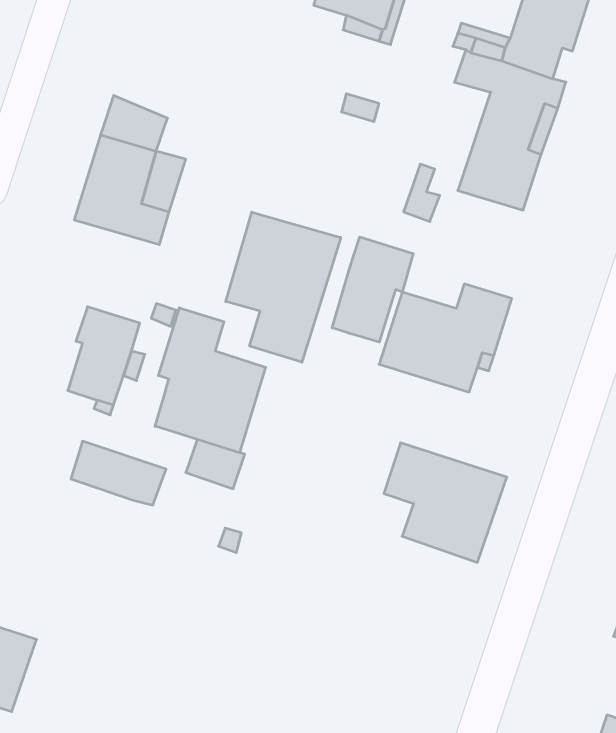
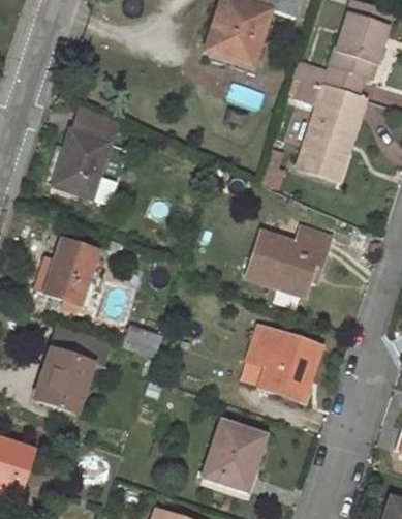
building: [226,212,341,362] -> none
building: [332,237,413,342] -> none
building: [155,308,266,453] -> none
building: none -> [38,348,90,411]
building: none -> [203,419,269,491]

